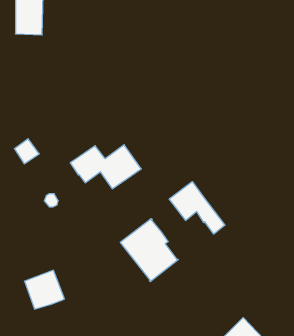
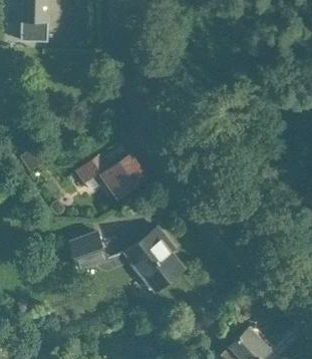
building: [169,182,225,234] -> none
building: [24,270,64,309] -> [68,232,108,271]

